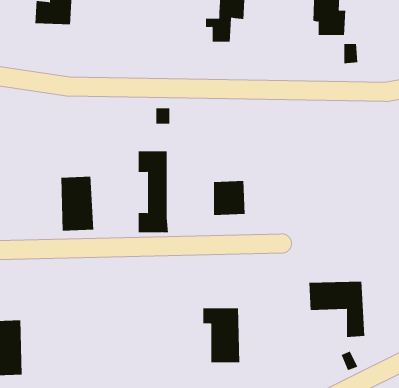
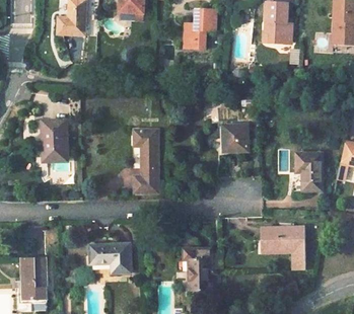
building: [60,176,94,231] -> [42,120,67,161]
building: [213,181,245,215] -> [223,125,247,151]
building: none -> [296,153,321,189]
building: none -> [89,244,130,272]

